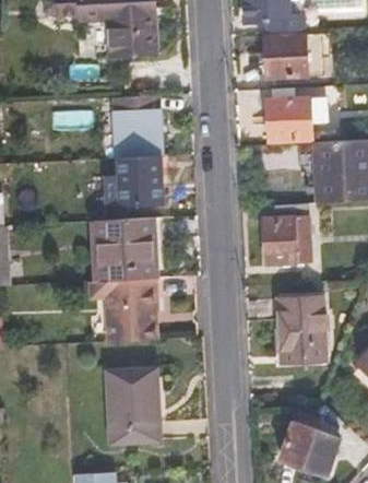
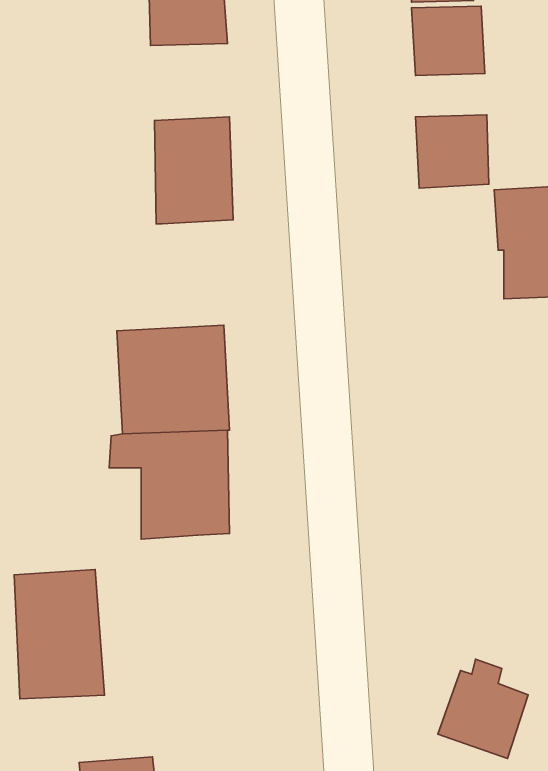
building: [108,158,165,208] -> none
building: [263,205,308,260] -> none
building: [278,302,329,367] -> none
building: [110,370,163,446] -> [14,569,104,699]

